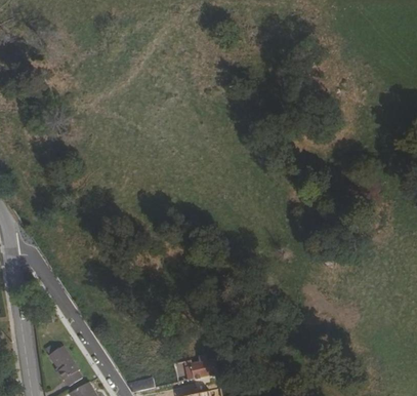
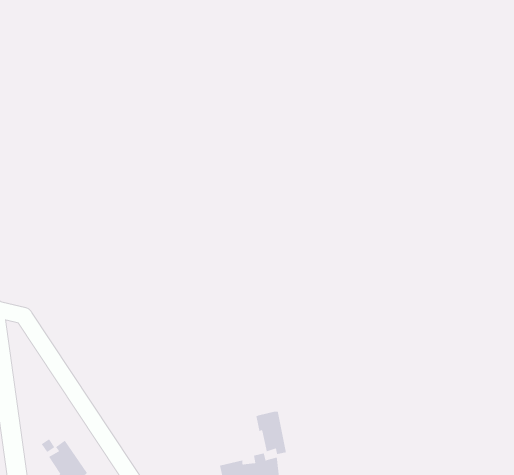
building: none -> [256,411,287,455]

